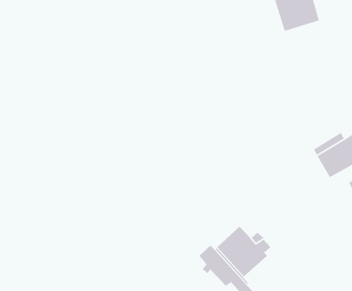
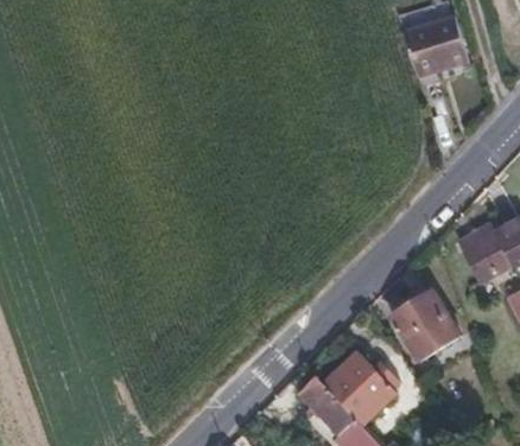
building: none -> [391,285,462,355]

